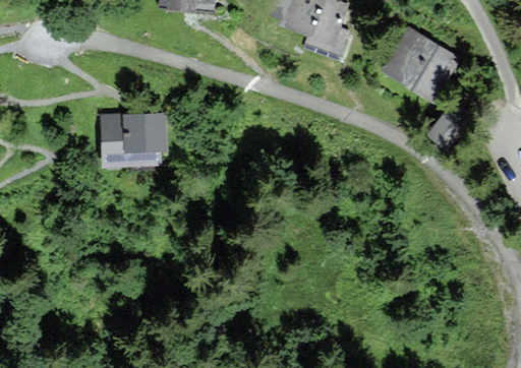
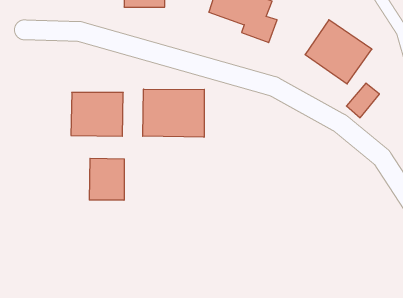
building: none -> [143,89,204,137]
building: none -> [89,158,124,200]

